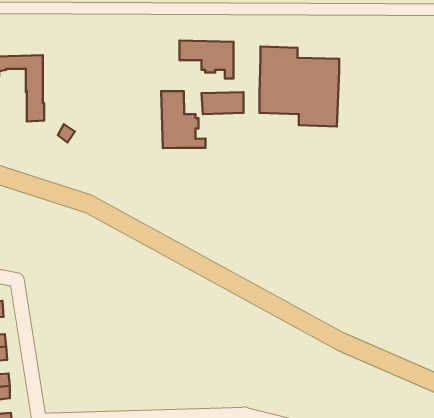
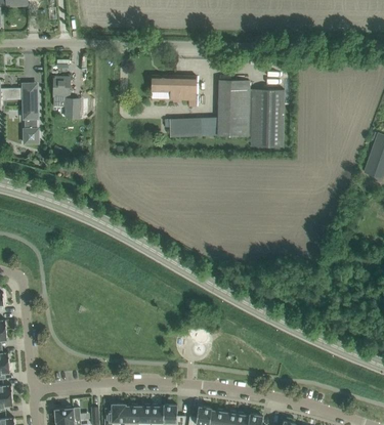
building: none -> [52,77,79,118]
building: [161,91,206,148] -> none

